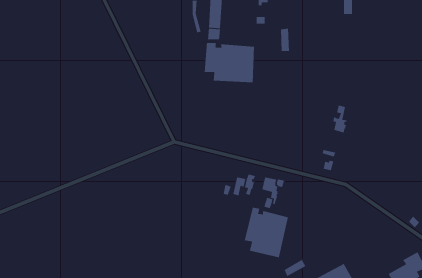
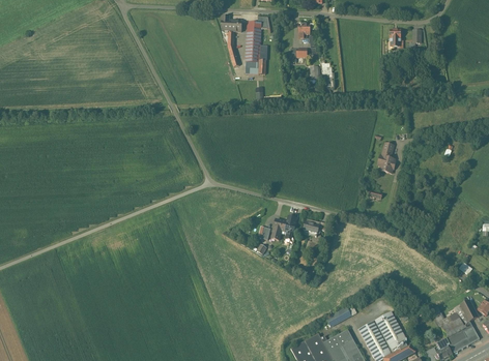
building: [204,42,255,83] -> none
building: [244,207,288,258] -> none

